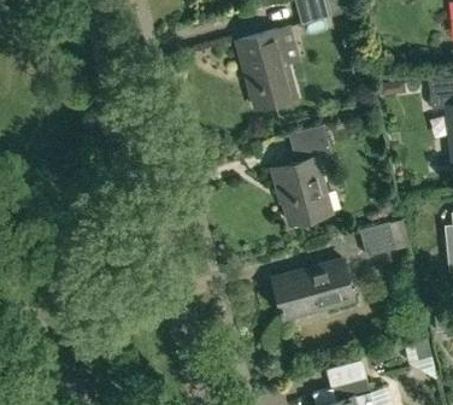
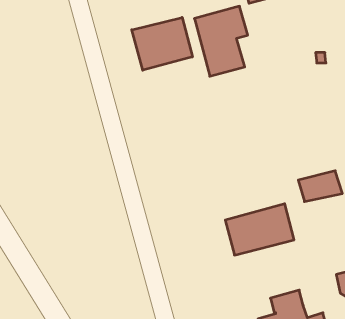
building: none -> [132,17,192,70]
building: [272,125,331,223] -> none

